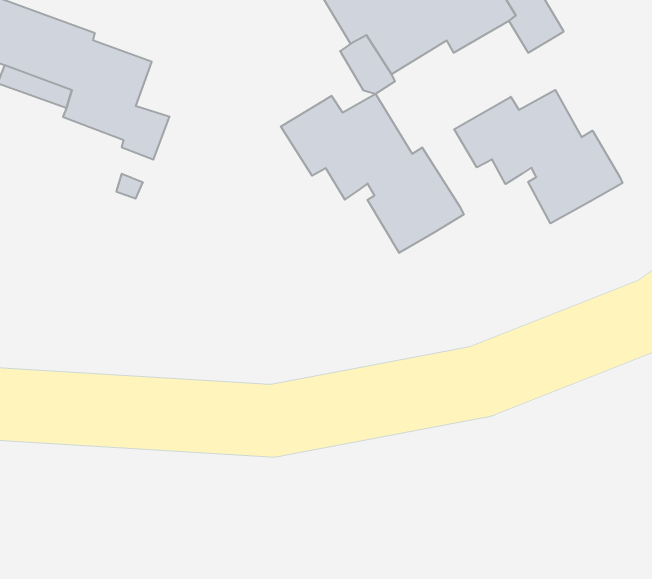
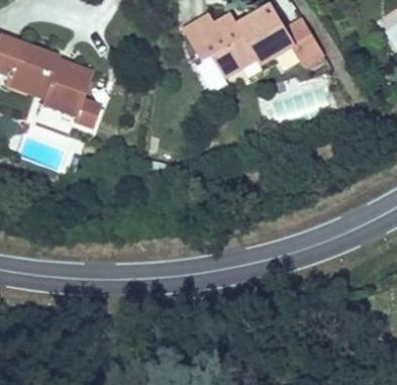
building: [454,90,622,223] -> none
building: [281,94,464,253] -> none

